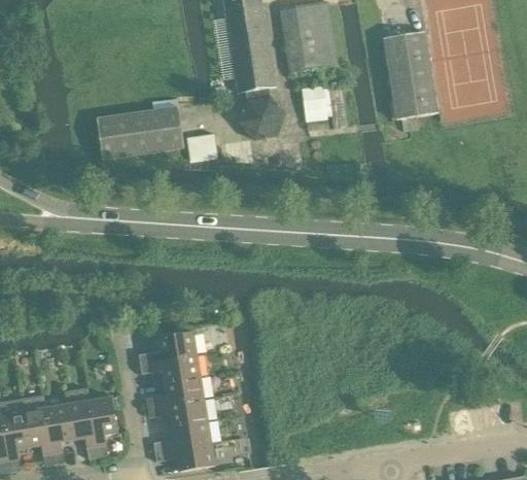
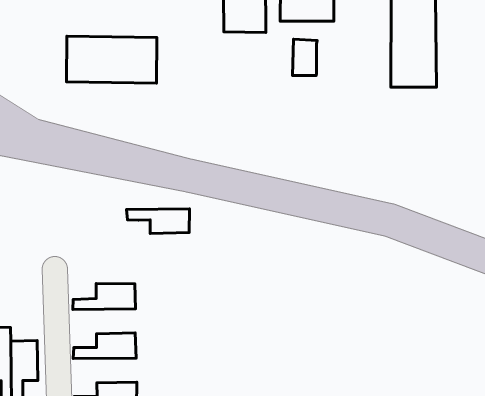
building: [240,95,286,141] -> none
building: [187,134,217,161] -> none
building: [140,355,200,383] -> [127,209,190,233]
building: [147,400,208,427] -> none

